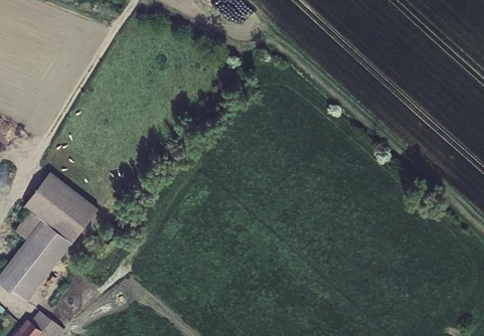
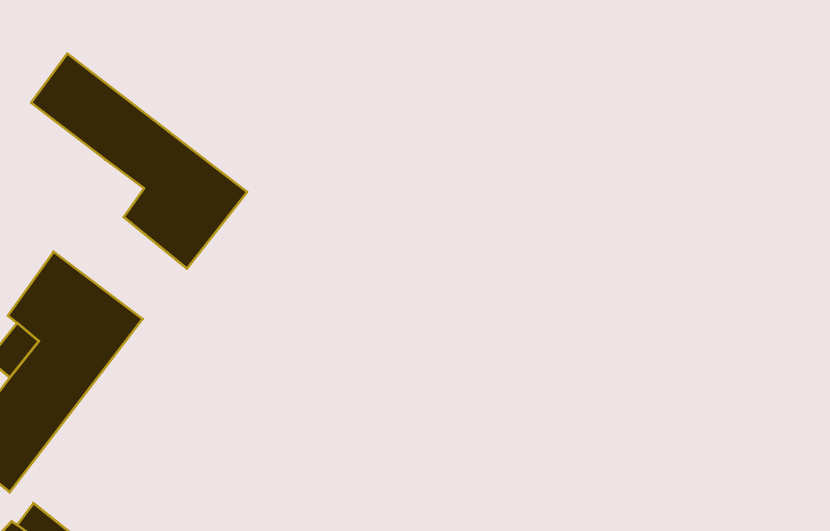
building: none -> [31,54,247,269]

